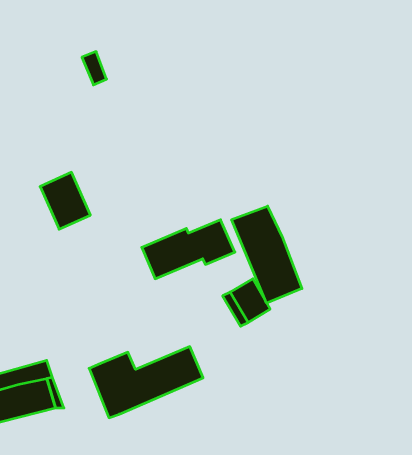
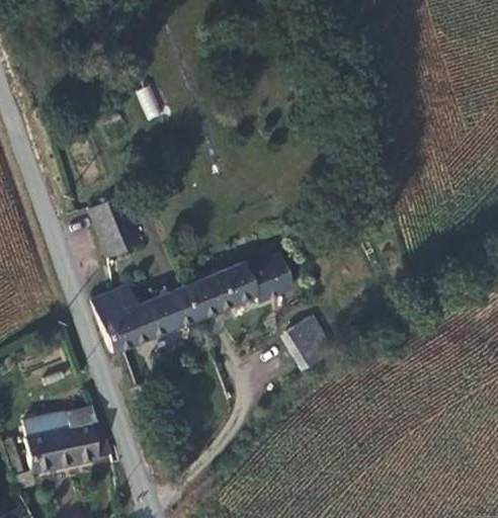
building: [232,206,302,303] -> none
building: [89,347,203,418] -> [89,281,211,357]

